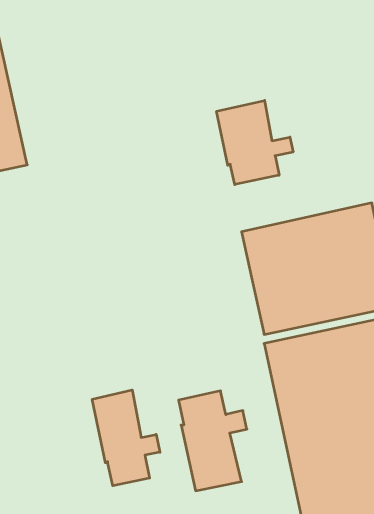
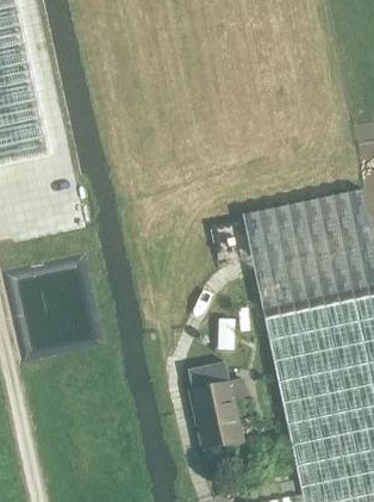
building: [217,100,293,185] -> none
building: [92,390,160,486] -> none

